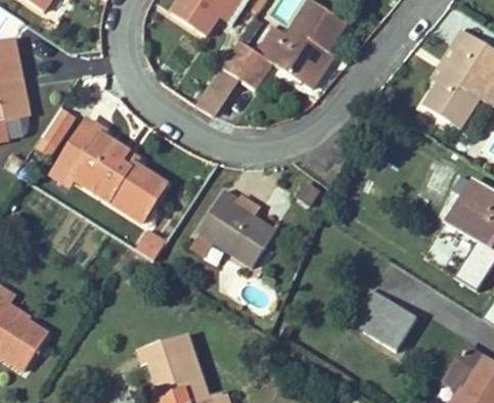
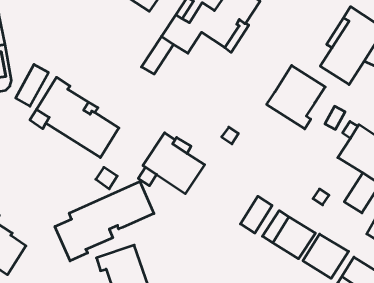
building: none -> [267,65,325,129]
building: none -> [55,182,154,261]
building: none -> [240,196,272,233]
building: none -> [303,234,349,278]

